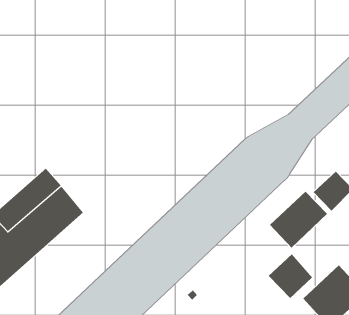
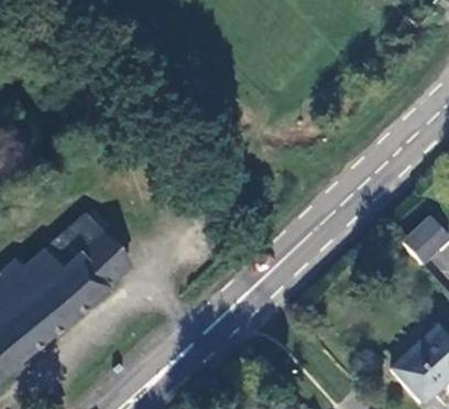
building: [269,191,328,249] -> none
building: [268,253,313,299] -> none

